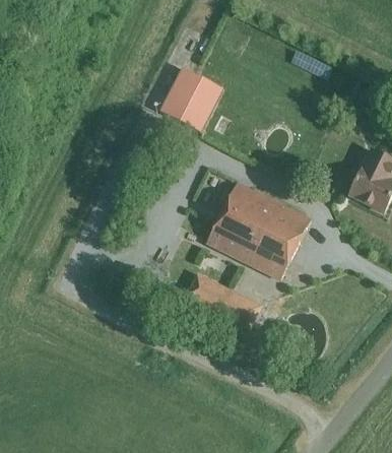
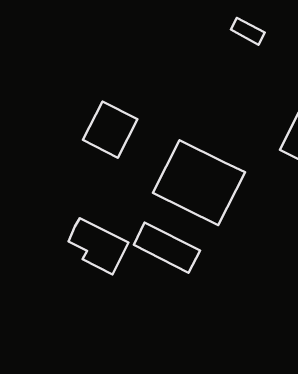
building: [159,67,221,131] -> [83,101,137,158]
building: none -> [69,218,128,274]

